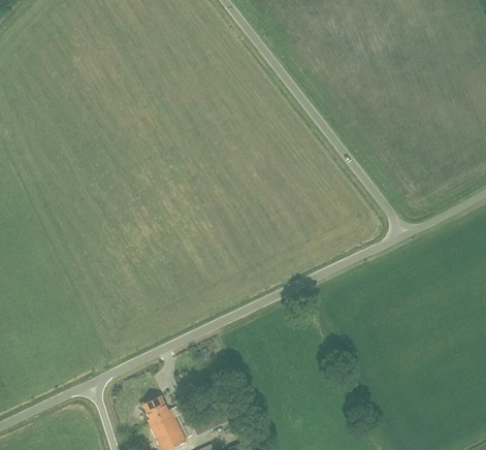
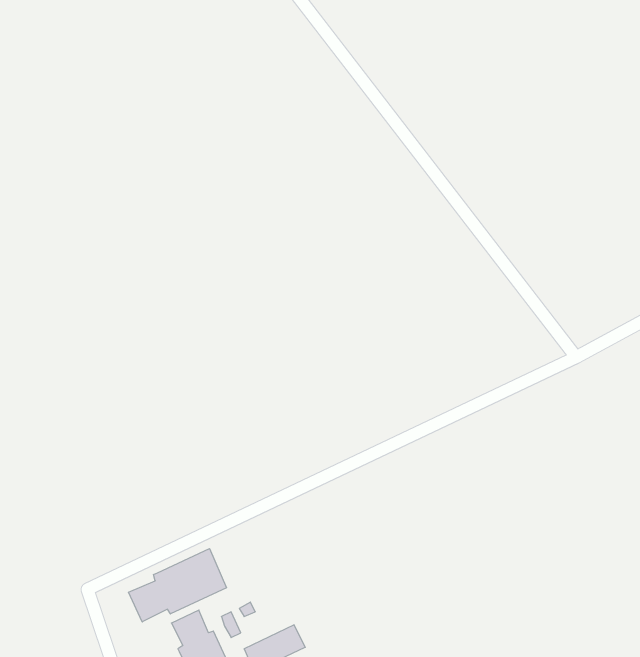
building: none -> [129,549,226,622]

